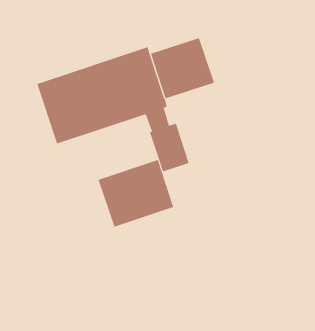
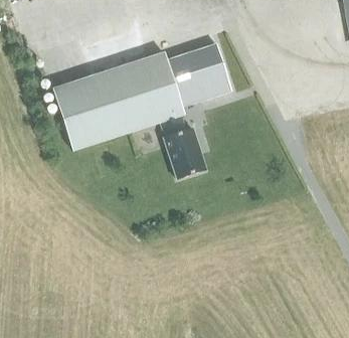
building: [98,159,174,227] -> none

